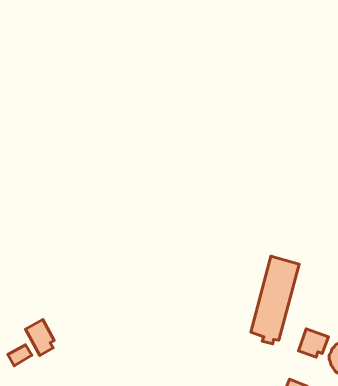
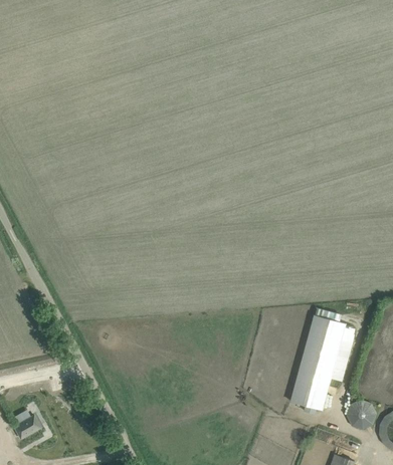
building: [25,319,54,355] -> none

